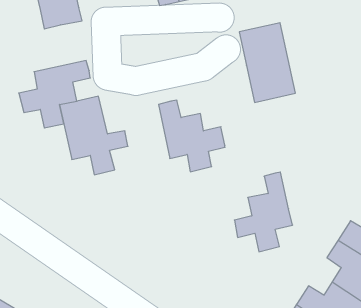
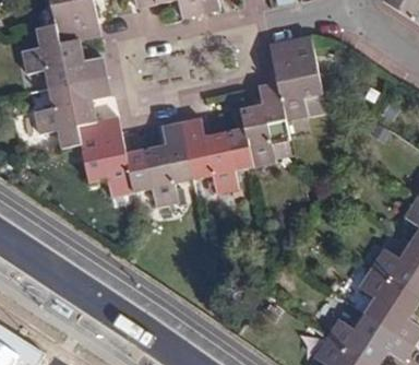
building: none -> [19,21,103,87]
building: none -> [128,122,192,207]
building: [234,172,293,252] -> [225,81,287,166]

